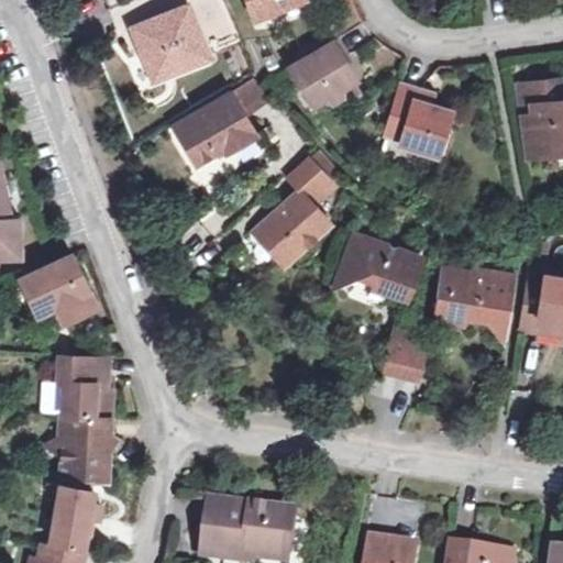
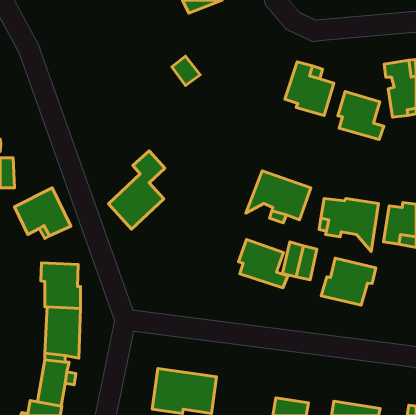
building: [132,5,208,78] -> none
building: [289,40,356,104] -> none
building: [174,93,253,163] -> none
building: none -> [338,91,384,139]
building: [254,159,330,265] -> [109,151,165,229]
building: none -> [238,240,288,288]
building: none -> [321,258,376,305]

